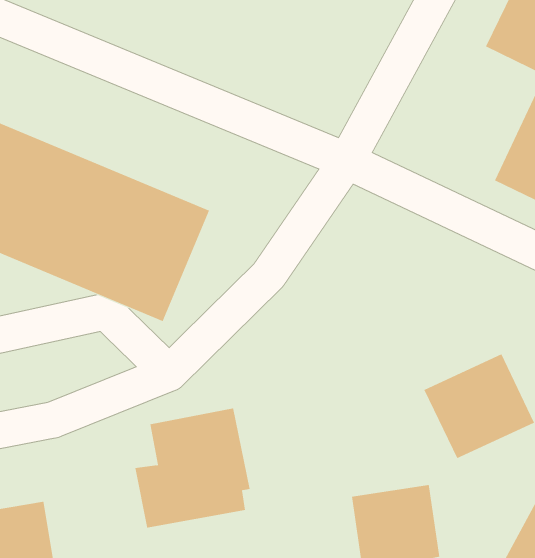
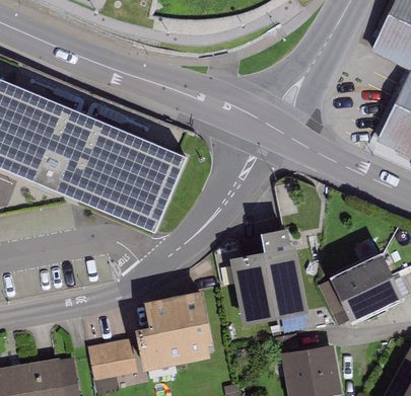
building: none -> [229,231,309,327]
building: none -> [86,335,137,378]

